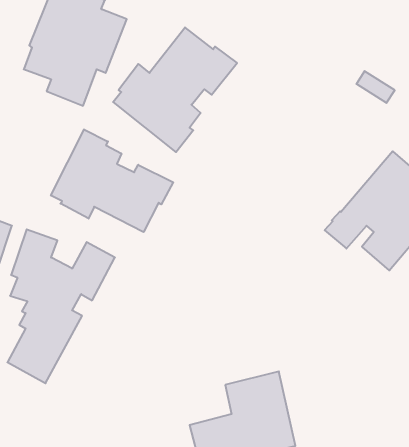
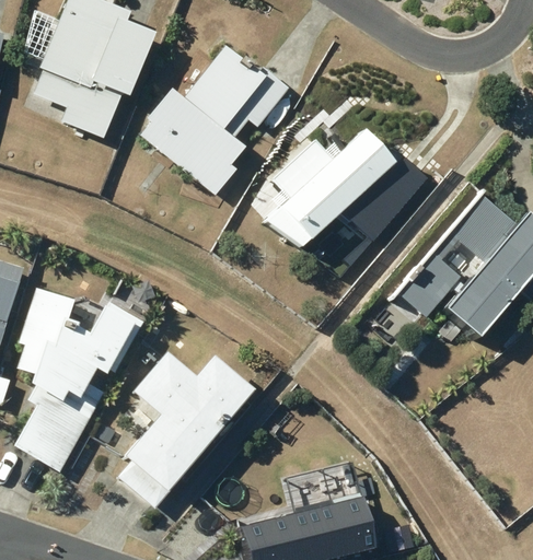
building: none -> [253,120,412,236]
building: [51,129,173,232] -> none
building: none -> [112,345,248,503]

